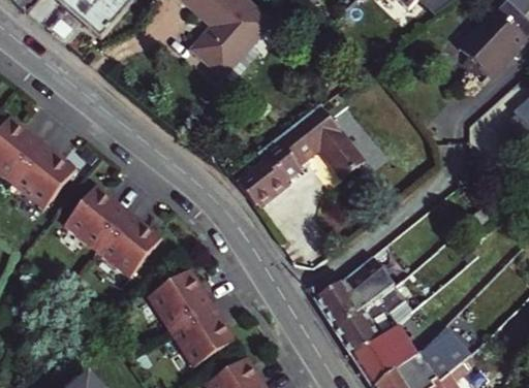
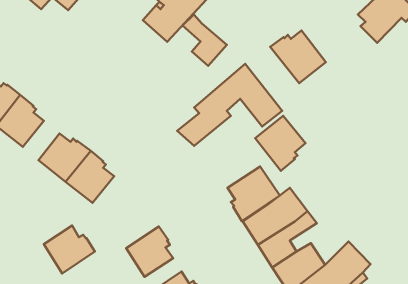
building: none -> [183,14,227,66]
building: none -> [270,31,326,83]
building: none -> [255,116,305,171]
building: none -> [228,167,280,221]
building: [150,270,213,329] -> [44,226,95,273]

